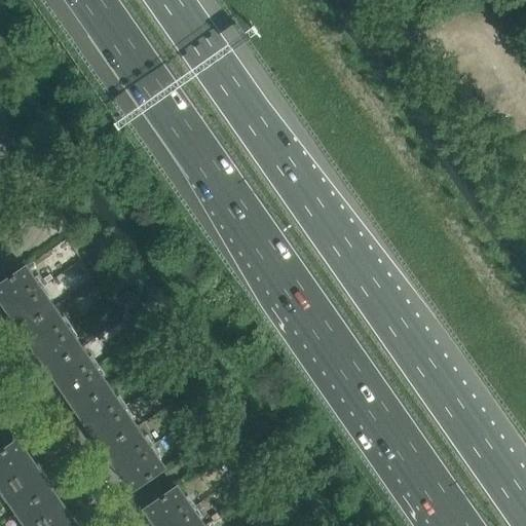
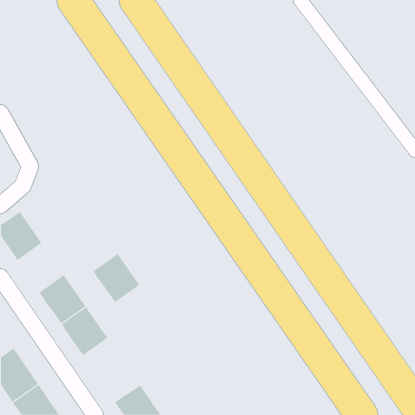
building: [22,307,81,370] -> [93,253,140,303]
building: [105,427,164,490] -> none

